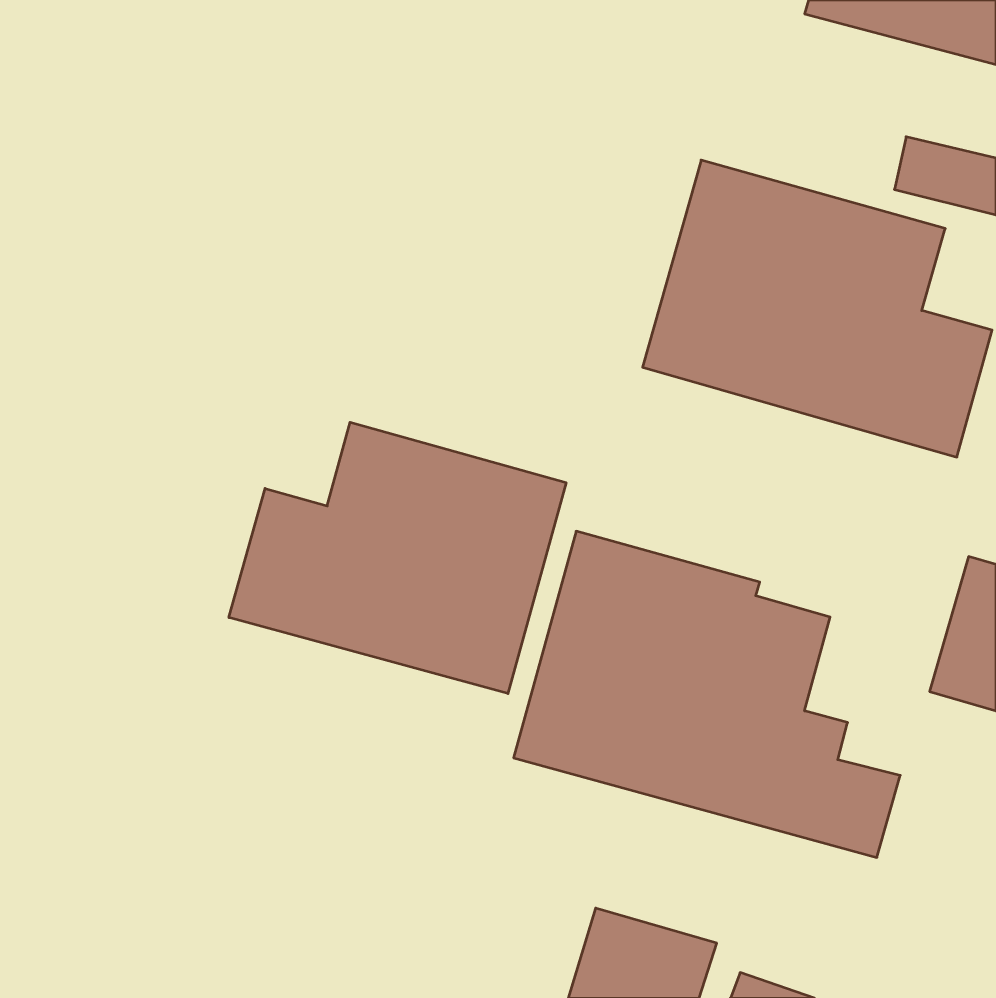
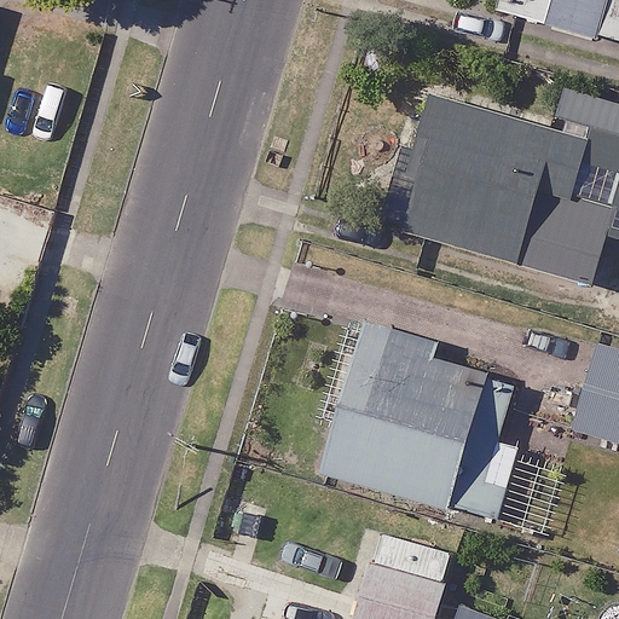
building: [229,422,566,694] -> none

